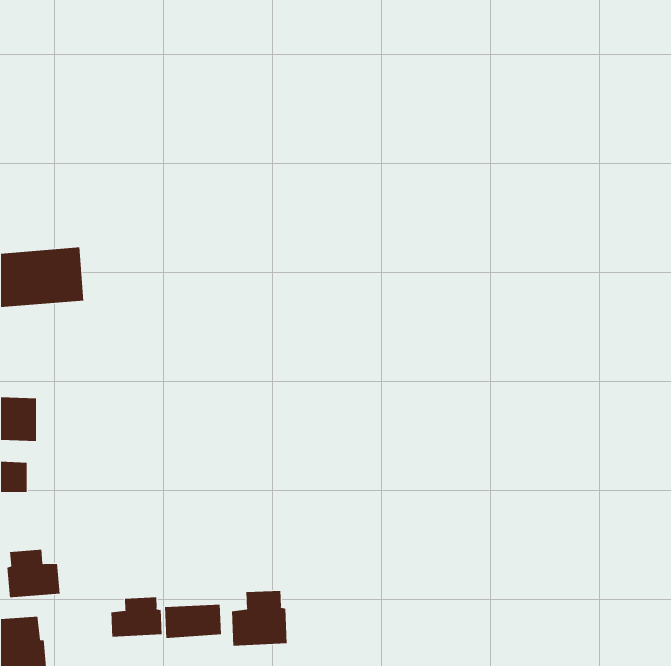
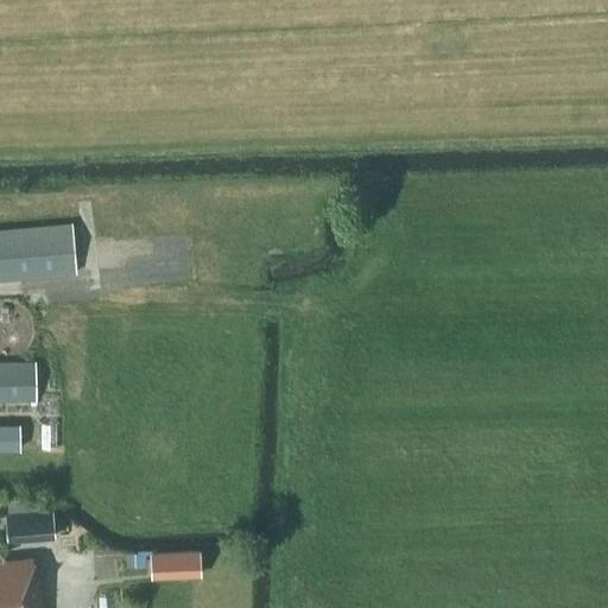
building: [231,590,287,647] -> none
building: [111,597,162,637] -> none

